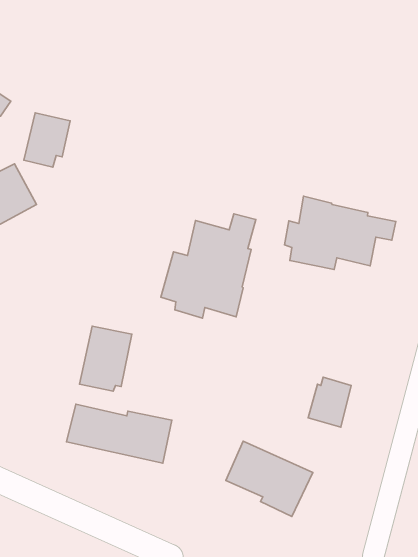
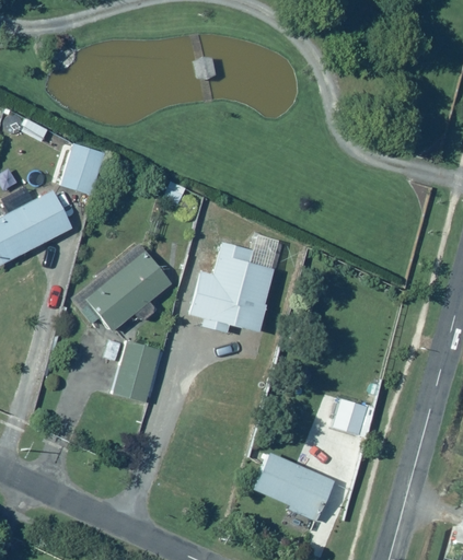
building: [284,196,396,270] -> none
building: none -> [73,248,170,329]
building: [67,404,172,463] -> none

